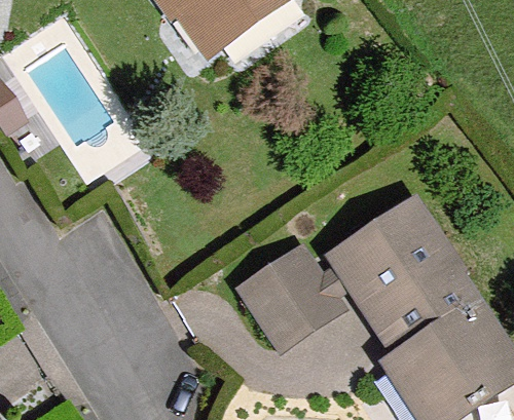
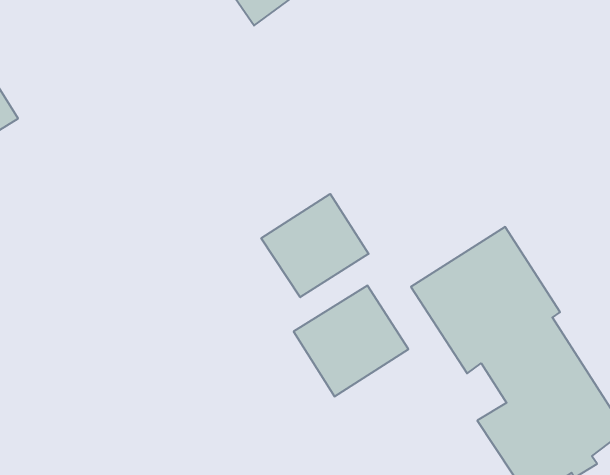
building: none -> [261,194,369,297]

